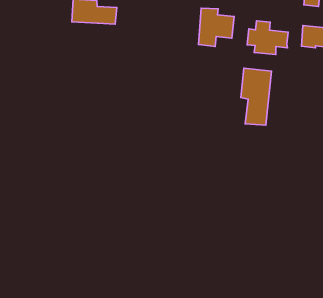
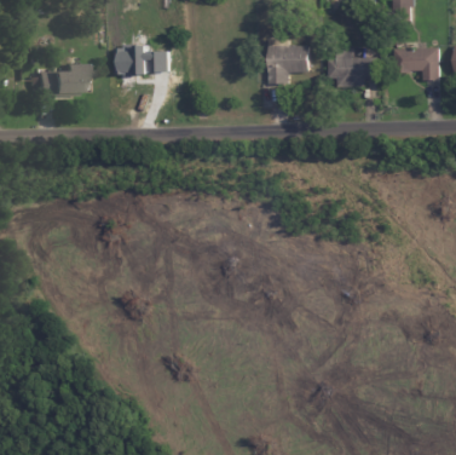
building: none -> [37,62,88,96]
building: [241,68,271,125] -> none

